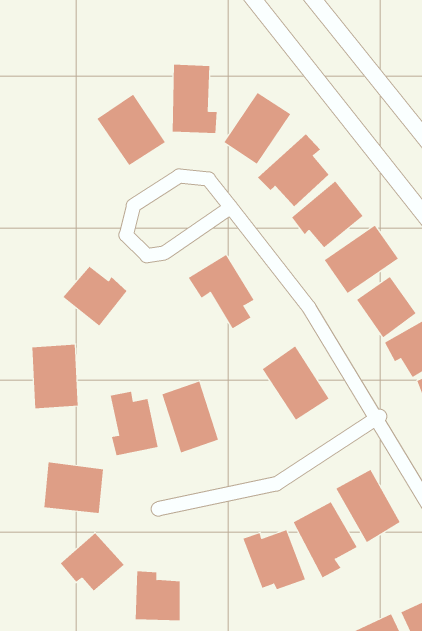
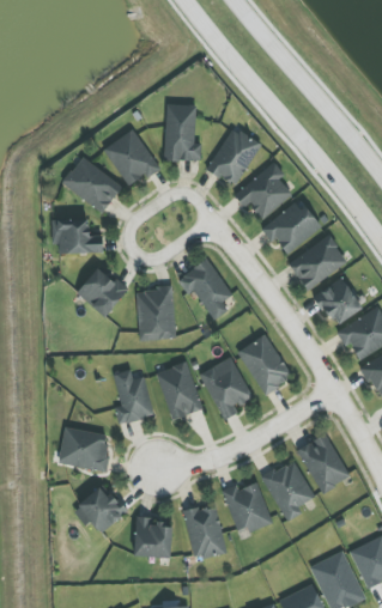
building: none -> [62,156,122,213]
building: none -> [51,218,103,254]
building: [31,344,79,409] -> [137,287,175,340]
building: none -> [199,357,253,420]
building: none -> [184,505,226,559]

